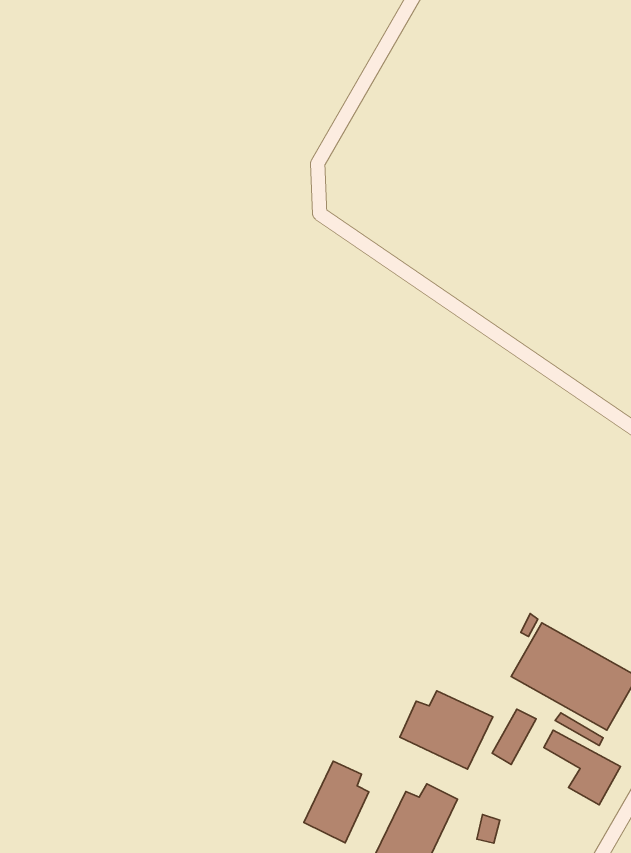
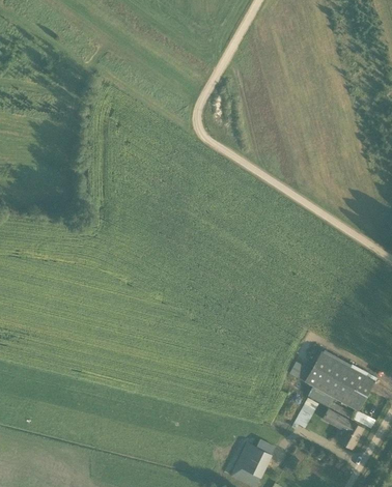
building: [400,691,493,769] -> none
building: [304,761,369,843] -> none

